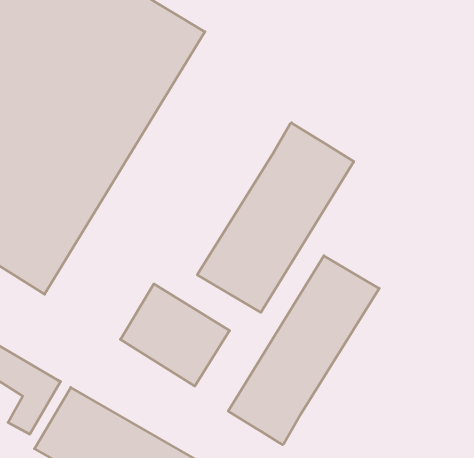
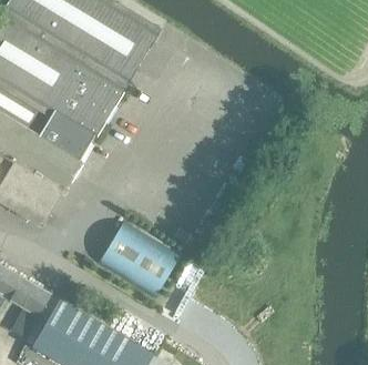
building: [197,123,354,312] -> none
building: [228,256,379,445] -> none

